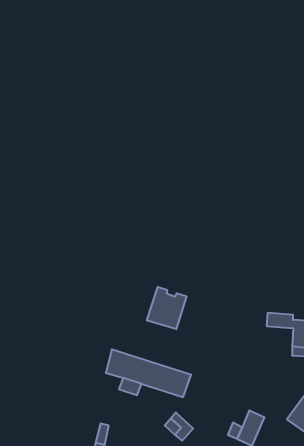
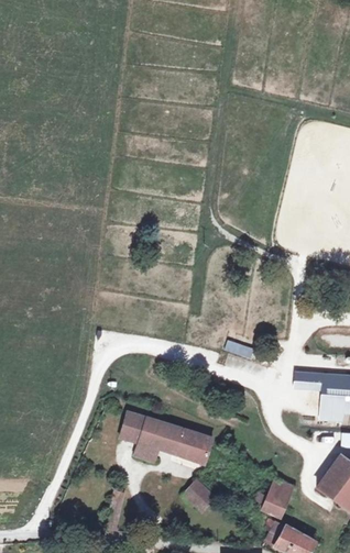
building: [147,287,186,329] -> none

